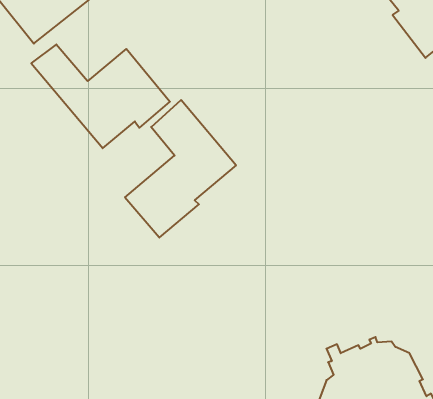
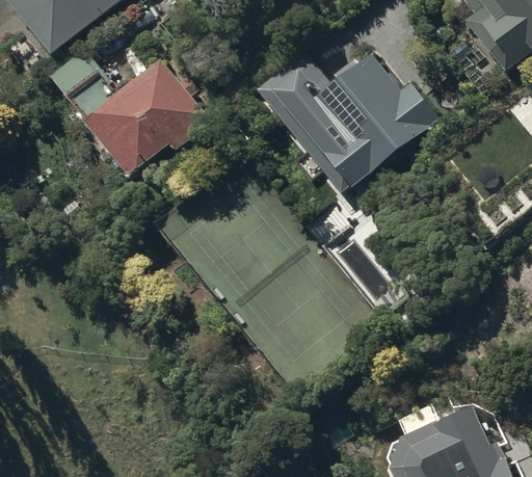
building: none -> [259,56,437,186]
building: [125,100,236,238] -> none

